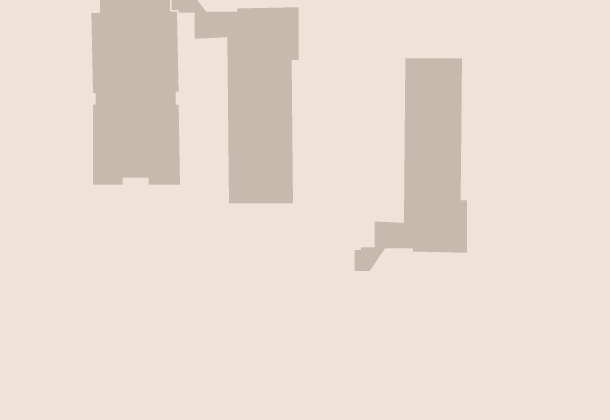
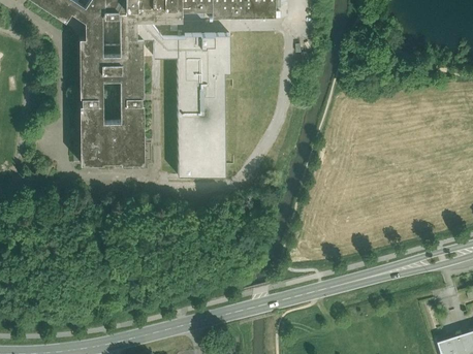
building: [354,58,468,272] -> none

